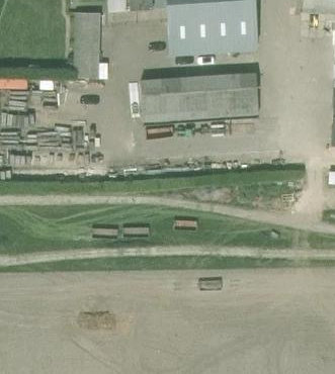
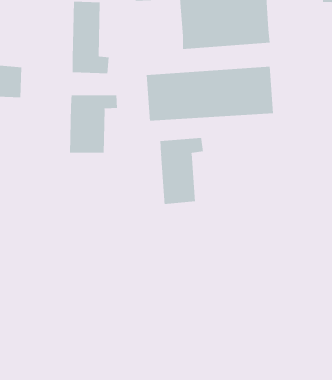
building: none -> [70,94,118,153]
building: none -> [160,137,203,205]

